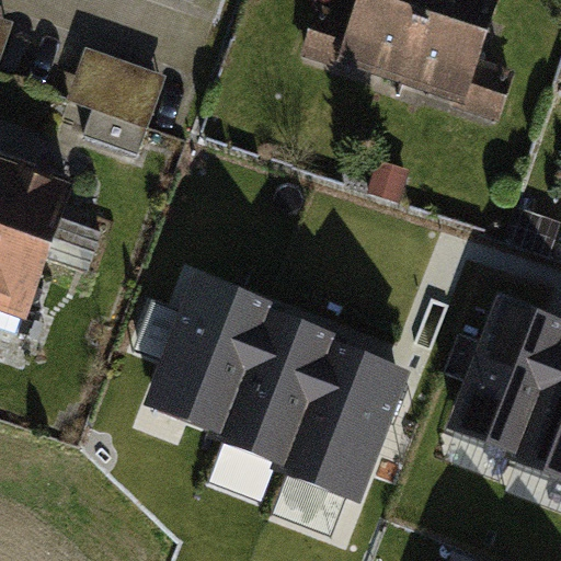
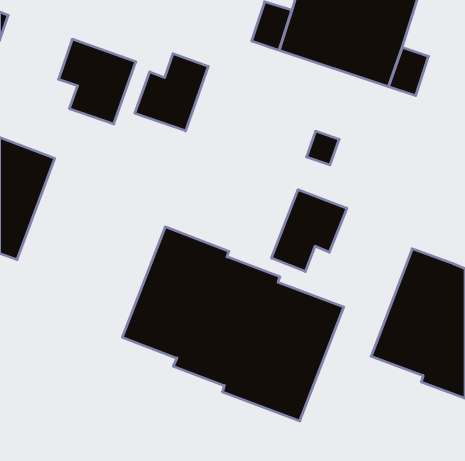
building: none -> [135,54,208,131]
building: none -> [272,190,347,272]

